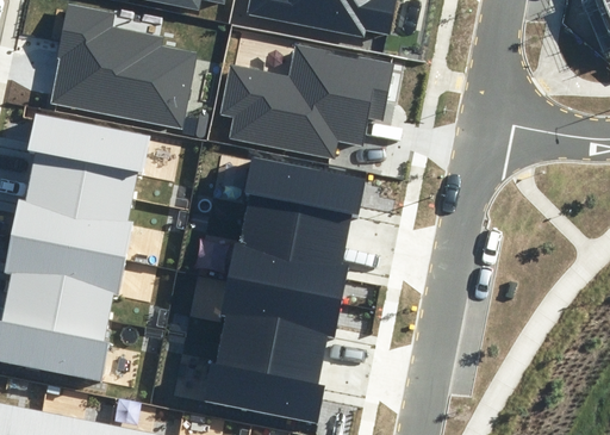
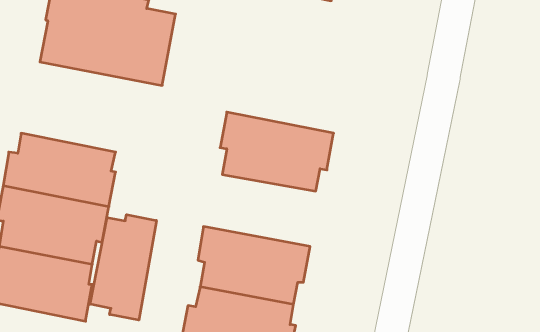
building: [219,44,393,159] -> none
building: [27,114,149,200] -> none
building: [225,224,347,302] -> none
building: none -> [90,215,156,320]

